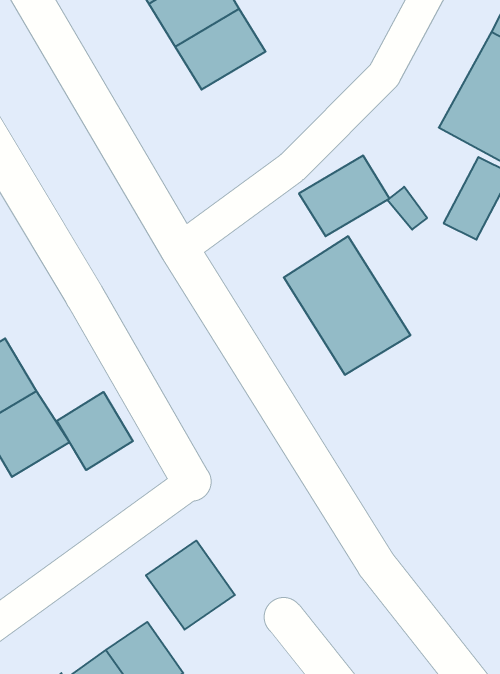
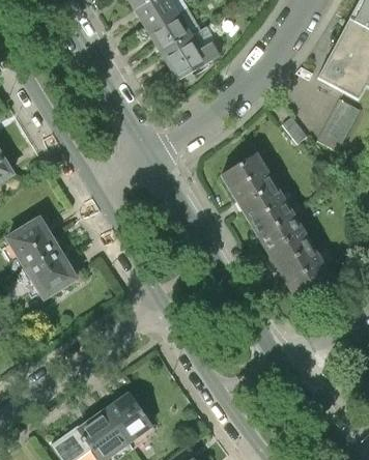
building: [299,156,390,236] -> [164,33,221,84]
building: none -> [254,211,335,298]
building: [57,392,133,470] -> none
building: [146,541,235,630] -> none

